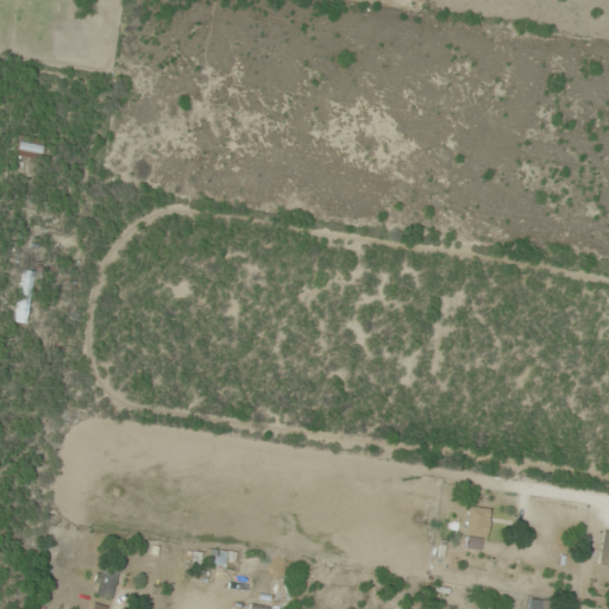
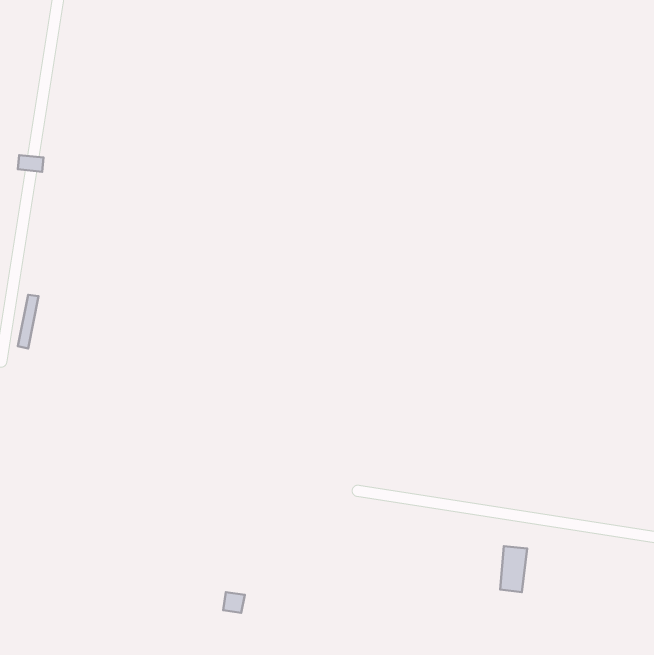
building: [93,566,120,599] -> none

